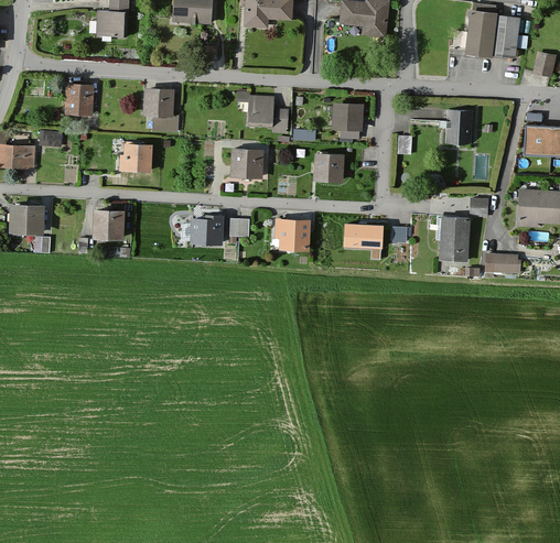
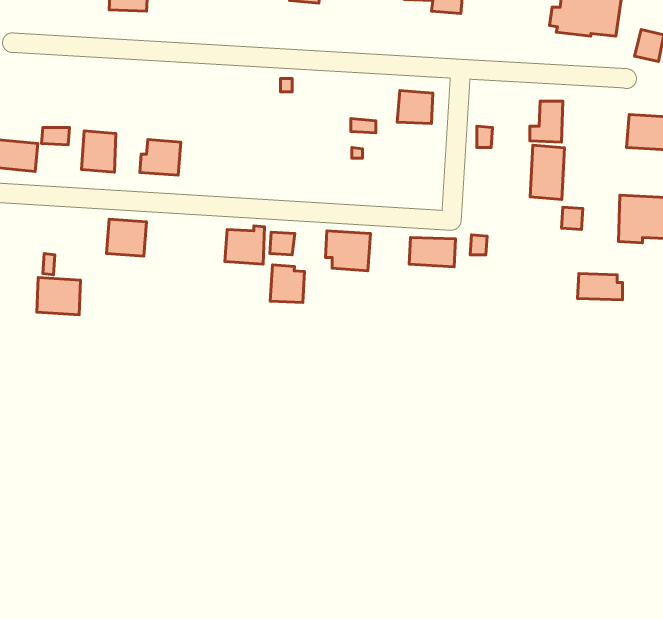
building: [64,84,93,118] -> [81,131,116,172]
building: [142,88,177,132] -> none
building: [248,97,289,133] -> none
building: [230,150,265,178] -> none
building: [313,153,344,183] -> none
building: [9,204,45,235] -> [37,278,81,315]
building: [440,217,469,262] -> [530,145,565,200]
building: none -> [270,265,304,303]

